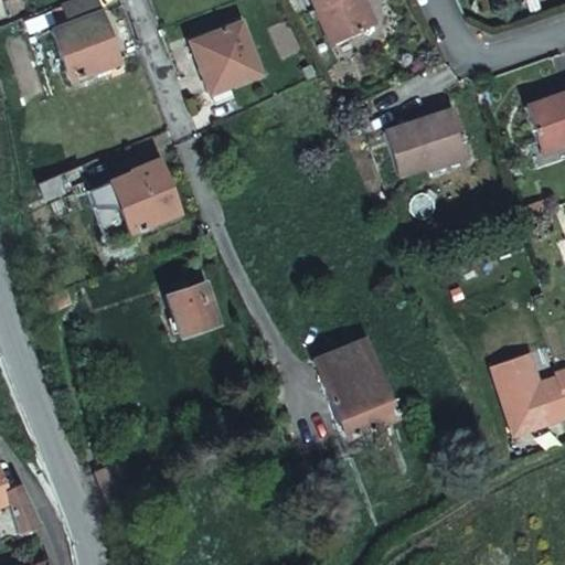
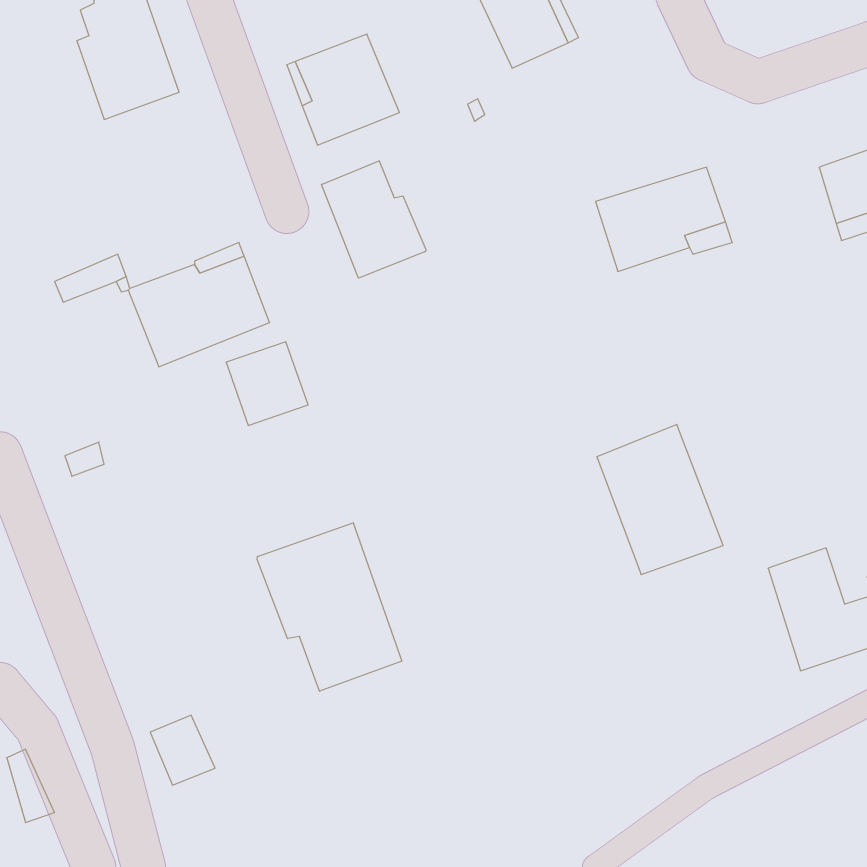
building: none -> [322,161,426,278]
building: [167,278,220,332] -> [226,342,308,425]
building: none -> [257,523,402,691]
building: [312,339,394,436] -> [597,424,723,575]

